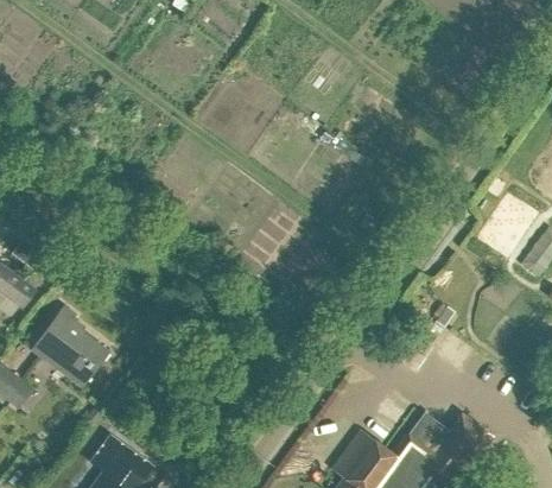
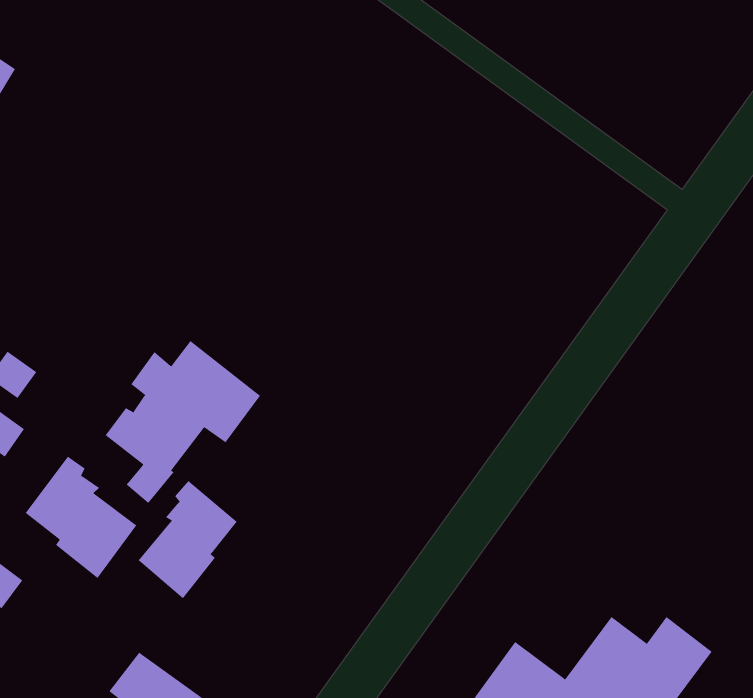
building: none -> [105,340,261,504]
building: none -> [138,480,237,599]

